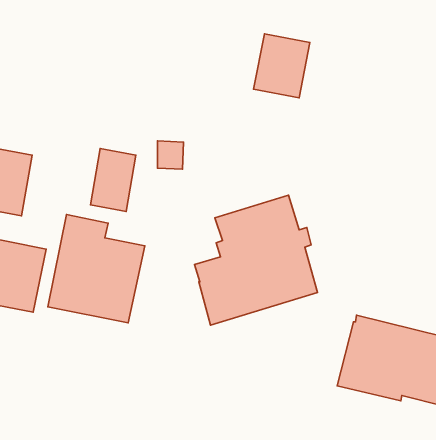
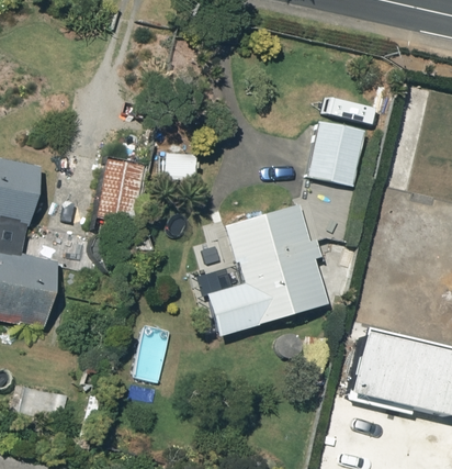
building: [254,34,310,98] -> [310,121,368,186]
building: [48,215,145,323] -> none

